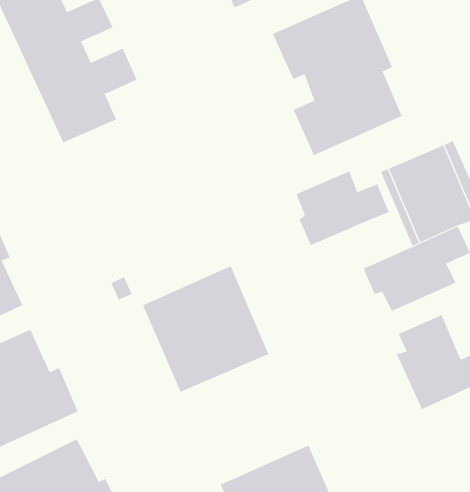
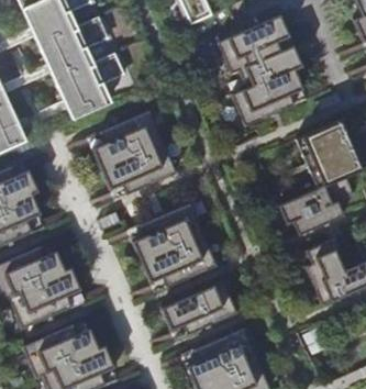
building: none -> [88,110,176,198]
building: [296,170,389,246] -> none
building: none -> [162,279,236,338]

